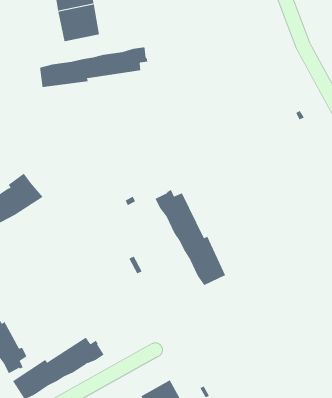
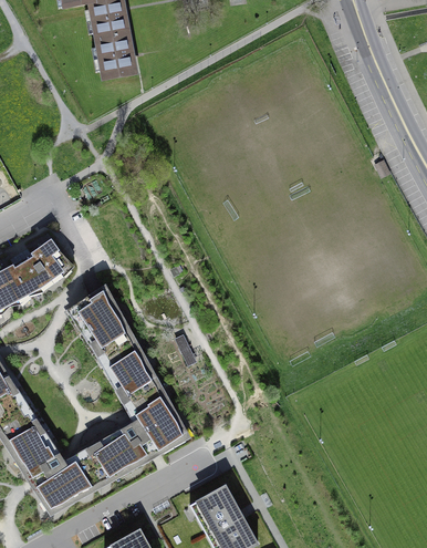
building: [40,46,148,88] -> none
building: [155,189,226,286] -> none
building: none -> [79,289,183,449]

